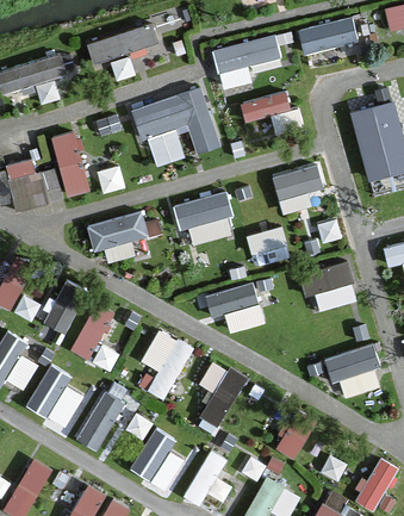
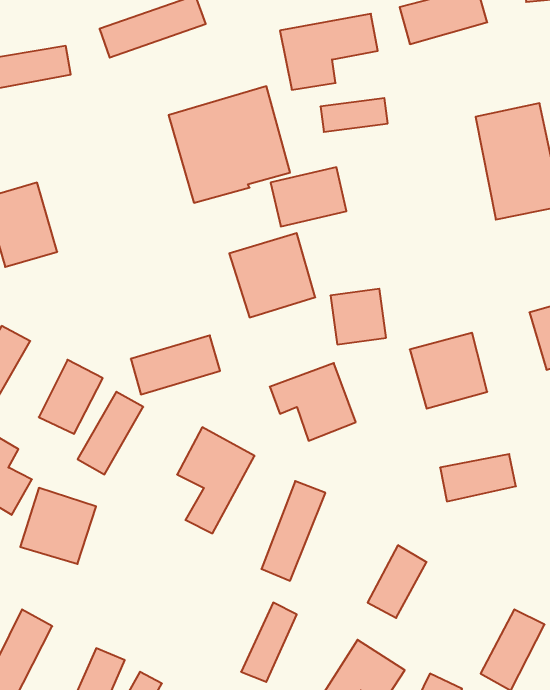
building: [48,131,93,200] -> none
building: [272,166,325,207] -> [271,167,346,226]
building: [86,211,149,253] -> [131,335,220,394]
building: [75,391,125,453] -> none
building: [131,427,181,489] -> none

